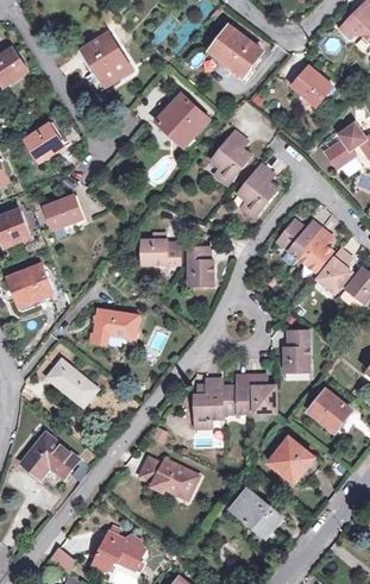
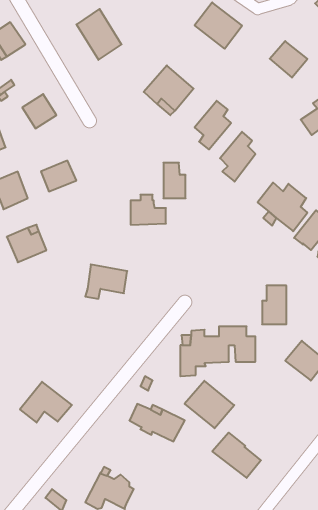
building: [188,246,212,284] -> [163,163,186,198]
building: [46,359,98,406] -> none
building: [269,437,322,488] -> [185,381,234,428]

